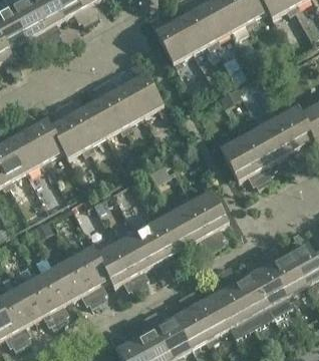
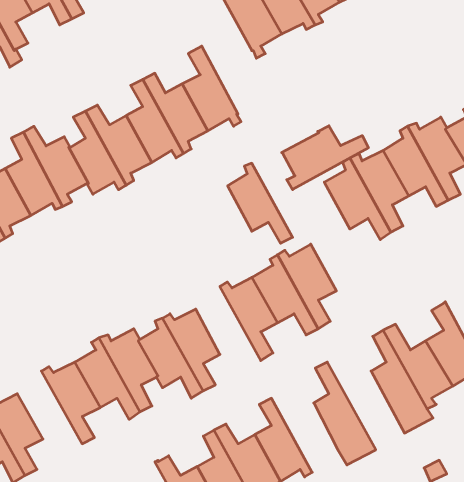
building: none -> [282,126,368,190]
building: [136,218,180,271] -> [228,163,293,243]
building: [224,263,275,326] -> none
building: [18,274,61,327] -> none
building: [187,288,231,341] -> none

